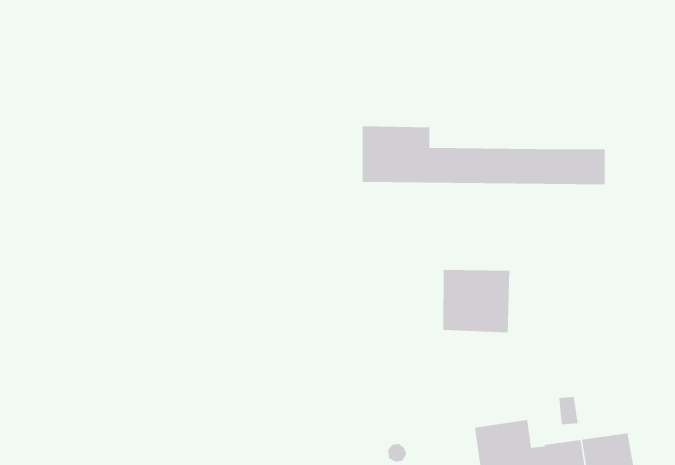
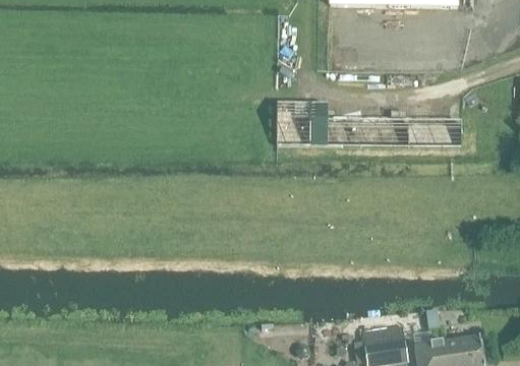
building: [443,269,510,333] -> none

